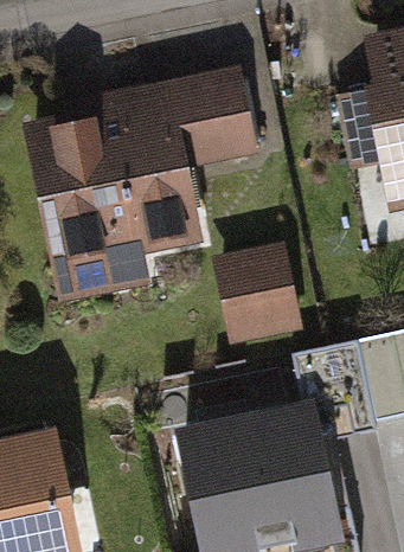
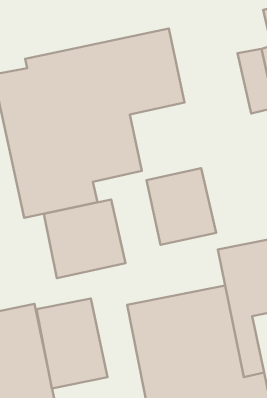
building: none -> [44,199,125,278]
building: none -> [36,298,107,388]

